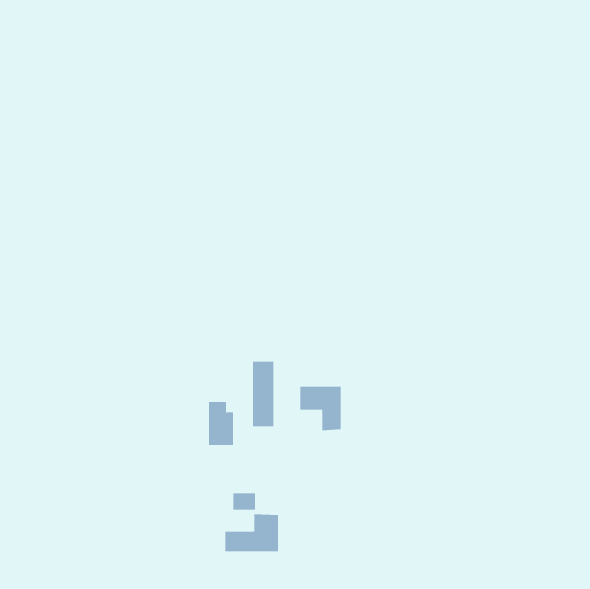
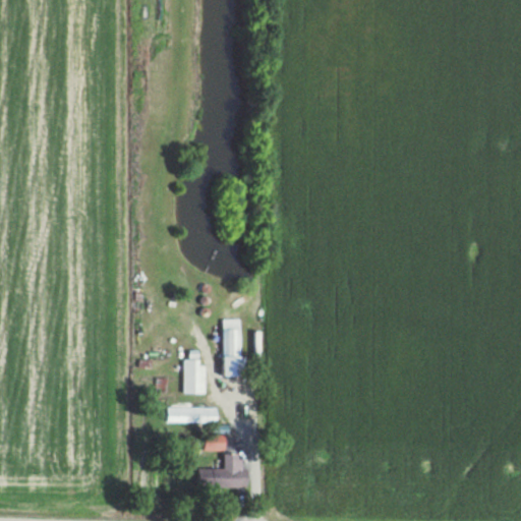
building: [300,386,341,431] -> none
building: none -> [167,407,218,422]

